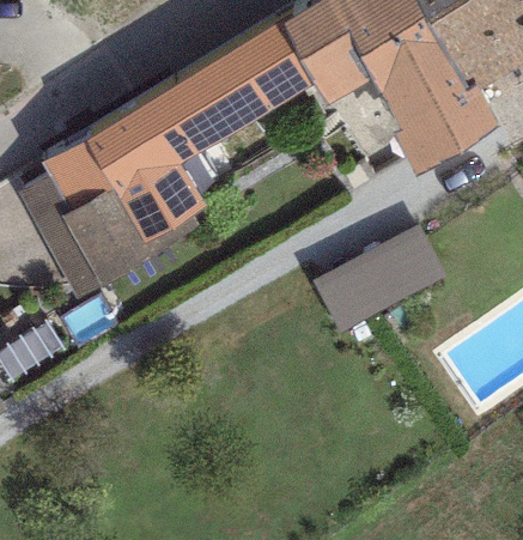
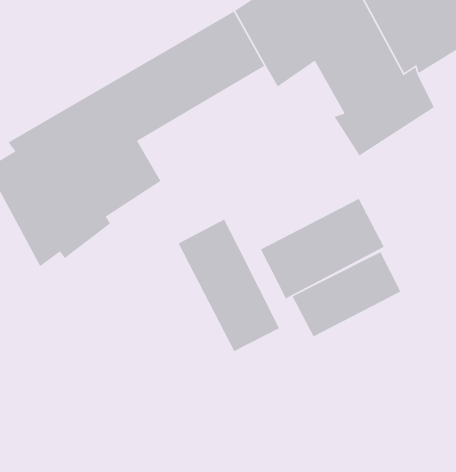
building: none -> [178,219,280,352]
building: none -> [292,251,402,338]

